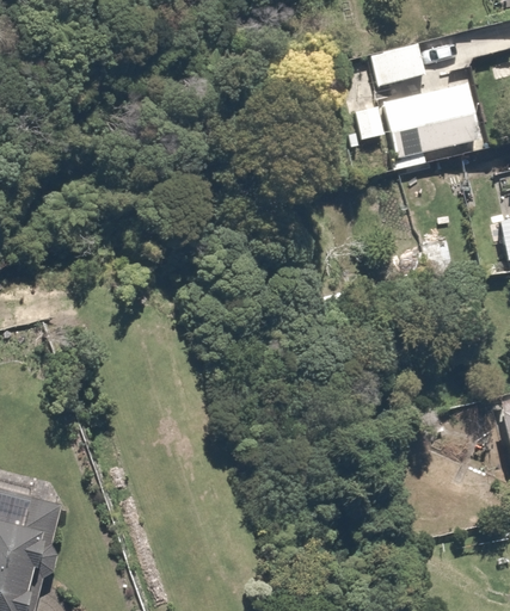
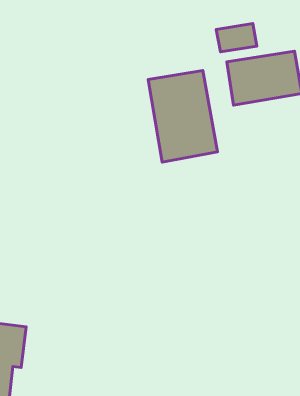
building: none -> [148,70,218,162]

